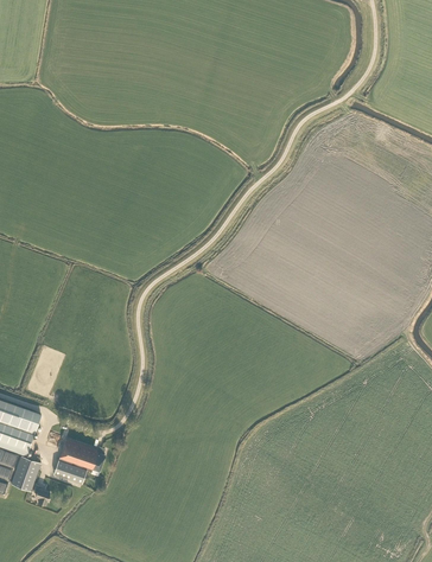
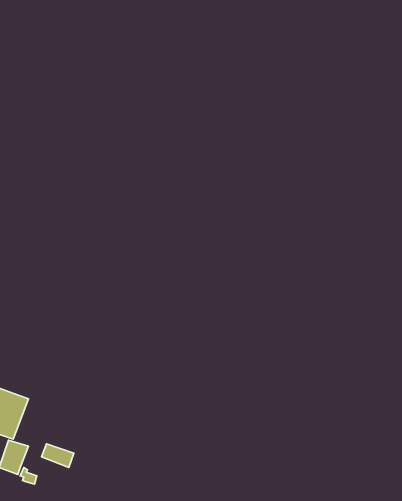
building: [58,436,104,470] -> none

